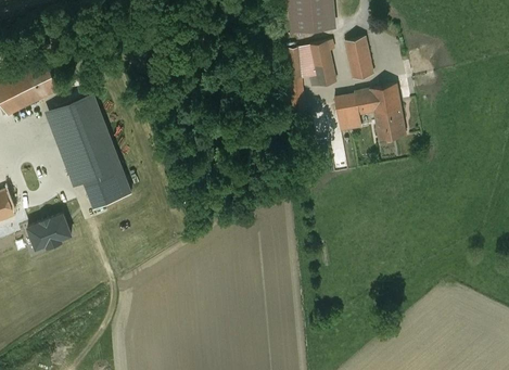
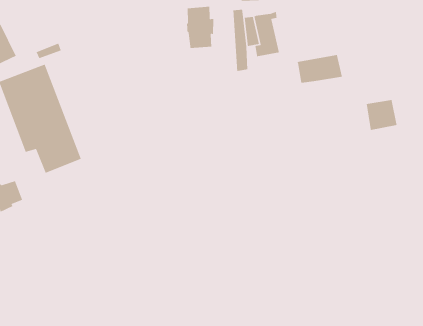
building: none -> [186,6,214,49]
building: [344,38,372,80] -> none
building: [334,95,360,131] -> none
building: [373,109,406,141] -> [366,99,397,131]

